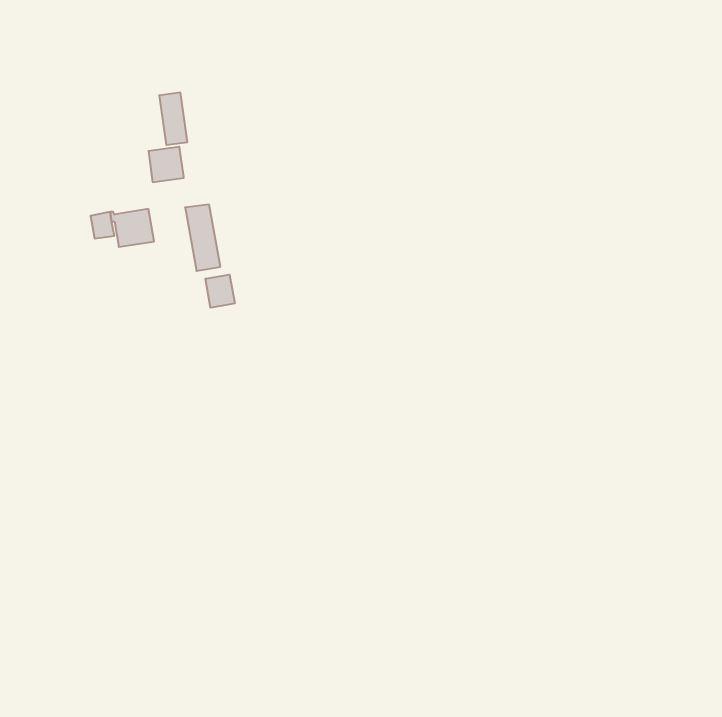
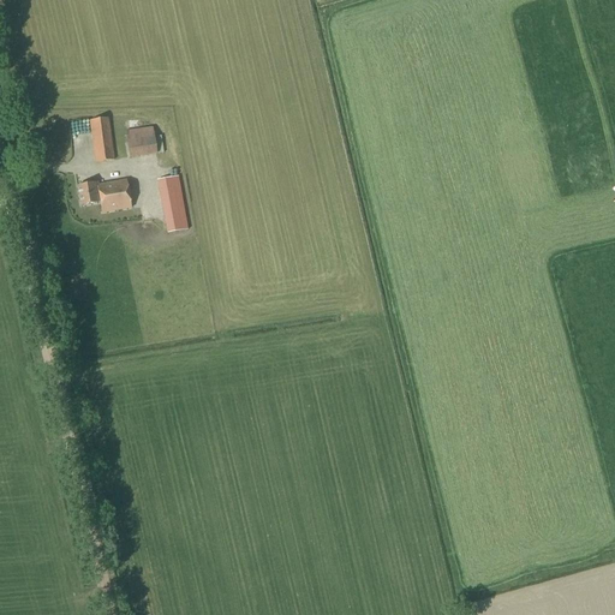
building: [159,93,187,145] -> [89,115,113,160]
building: [205,275,235,308] -> none

